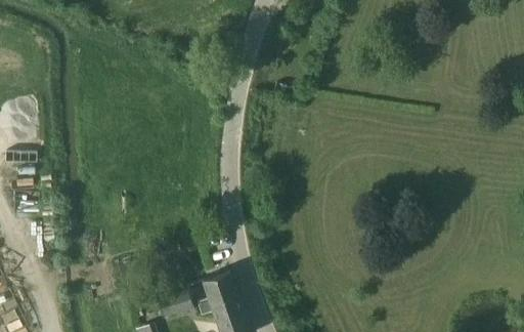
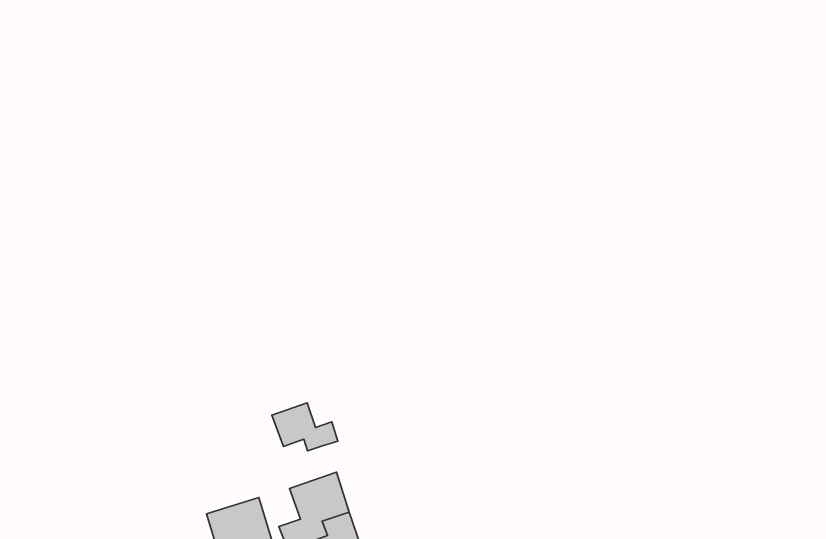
building: none -> [272,403,338,451]

